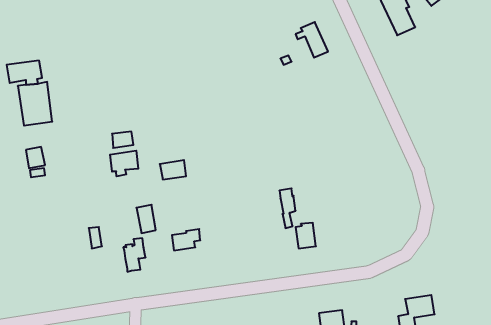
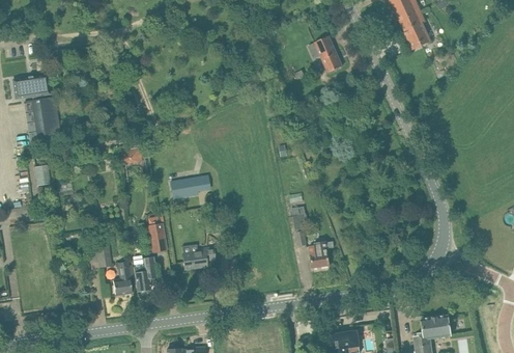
building: [110,151,138,176] -> none
building: none -> [113,262,132,296]

